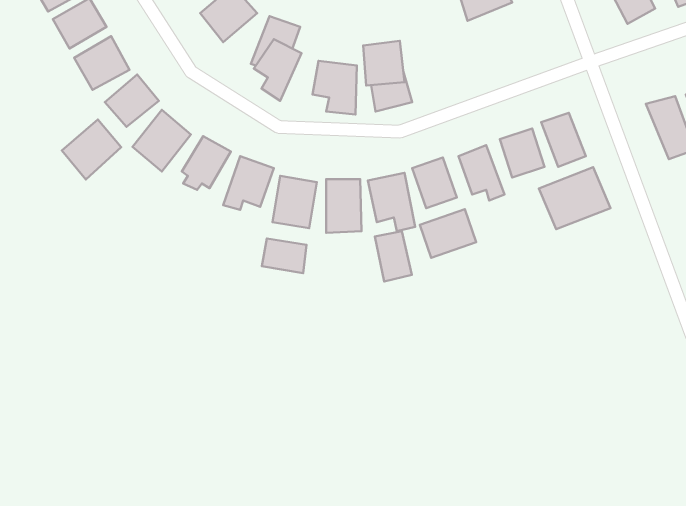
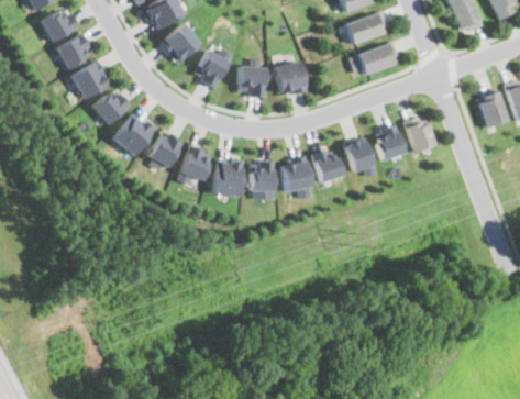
building: none -> [351,44,394,78]
building: [62,120,121,179] -> none
building: [539,167,610,229] -> none
building: [420,209,476,258] -> none
building: [375,231,412,281] -> none
building: [262,238,306,273] -> none

